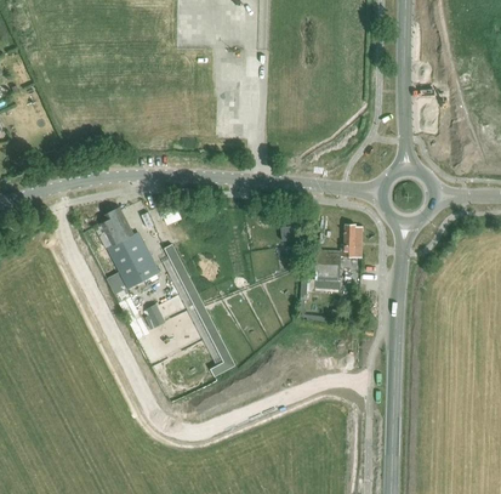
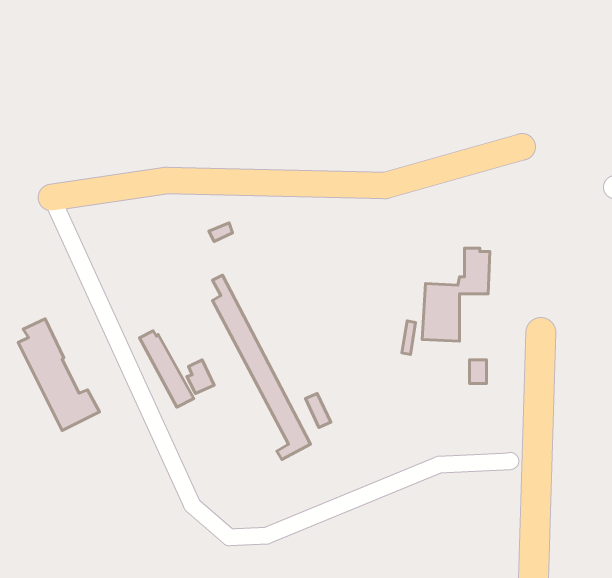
building: [101,205,159,285] -> [18,319,99,431]

